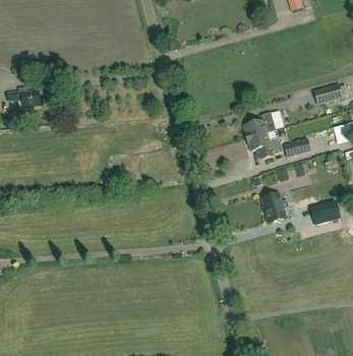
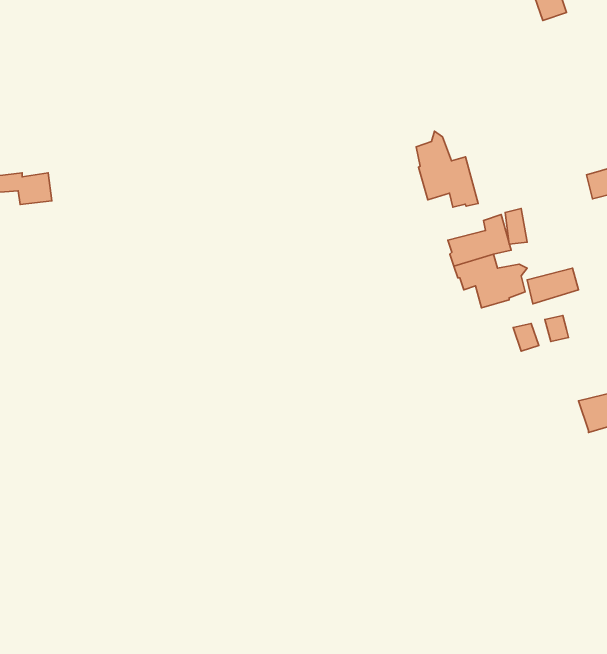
building: none -> [416,131,478,207]
building: [260,193,288,223] -> none

